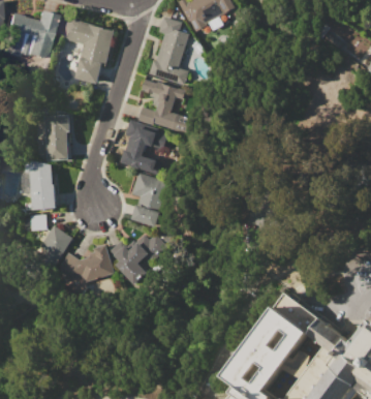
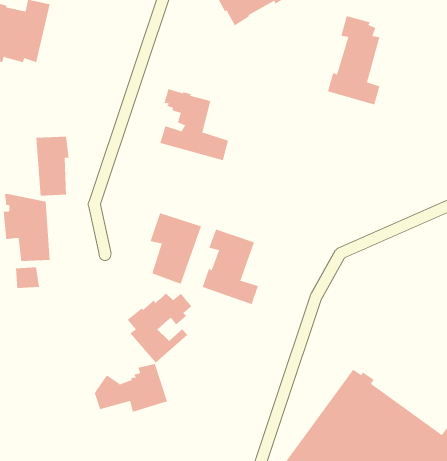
building: [60,17,116,84] -> none
building: [149,17,189,85] -> [327,15,380,105]
building: [119,118,162,176] -> [202,229,259,305]
building: [39,224,73,266] -> none
building: [59,244,115,281] -> [94,363,168,412]

